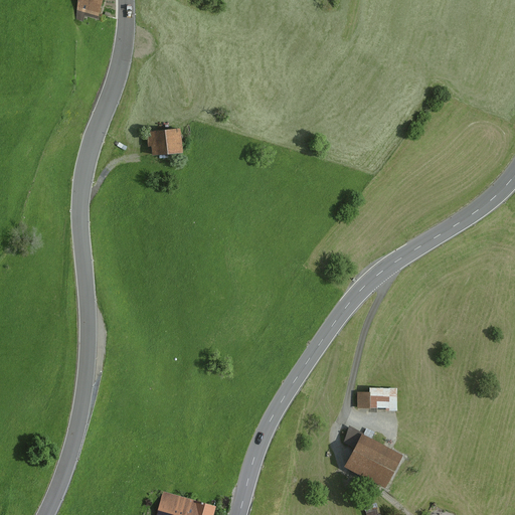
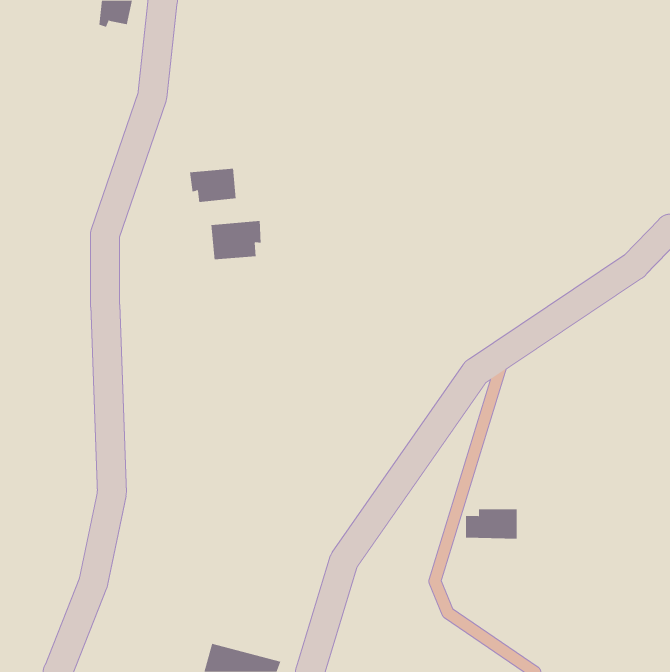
building: none -> [211,220,261,260]
building: [343,426,403,488] -> none

